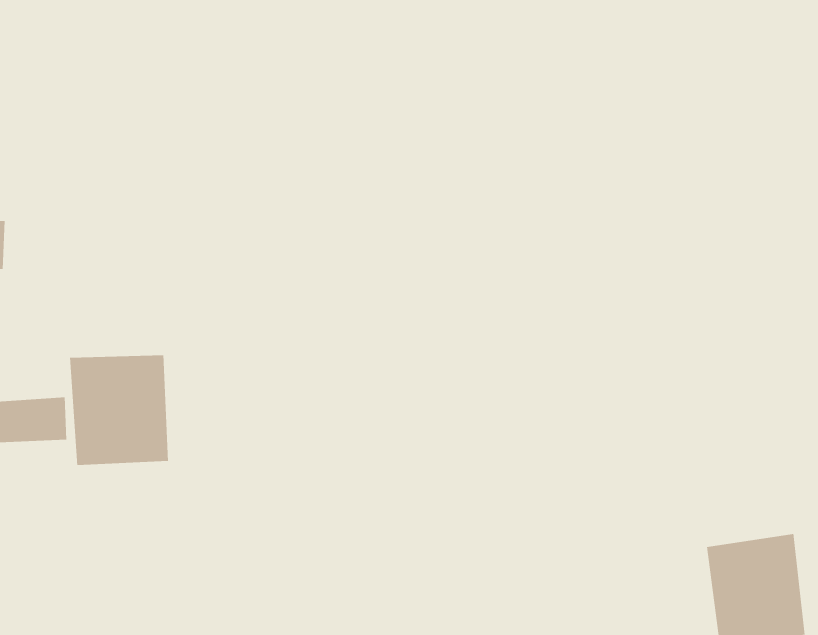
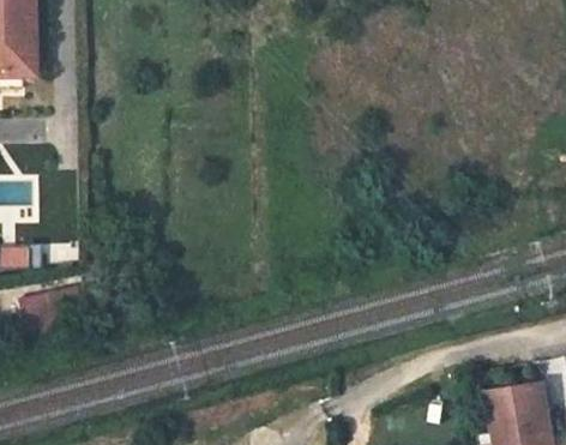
building: [70,355,168,466] -> none

